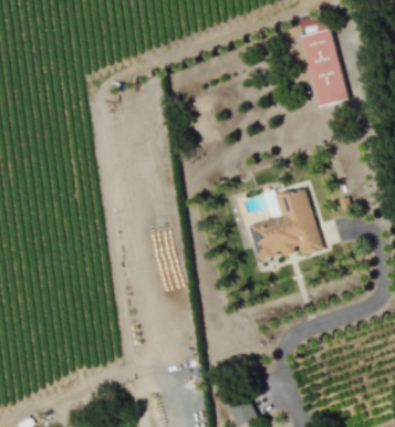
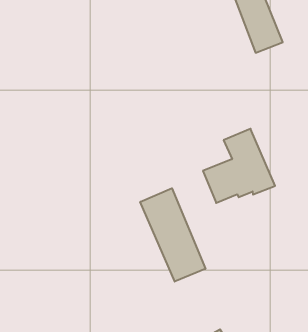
building: none -> [140,188,205,282]

